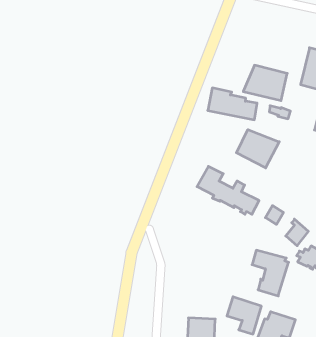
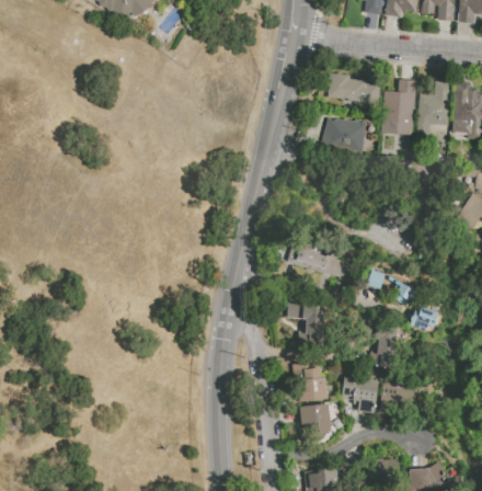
building: [208,88,257,120] -> [326,73,379,101]
building: [236,130,279,168] -> none
building: none -> [286,300,325,344]
building: none -> [291,362,328,402]

